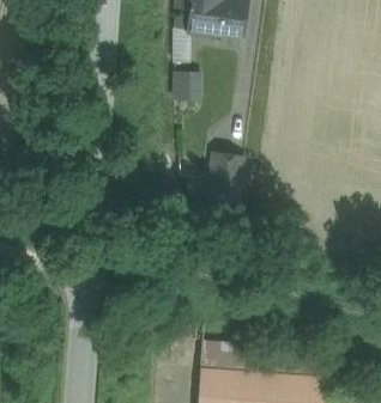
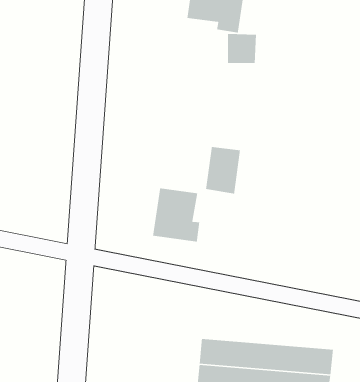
building: [174,69,202,99] -> [227,33,257,64]
building: none -> [152,188,200,243]

